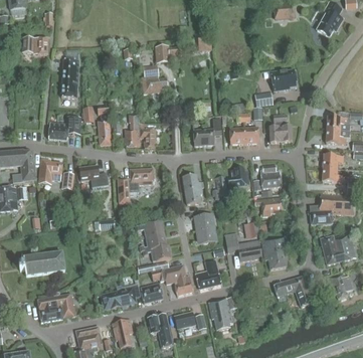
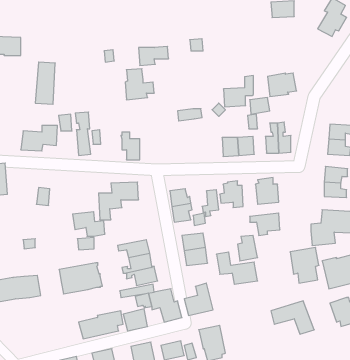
building: [125,115,139,147] -> none
building: [193,118,220,146] -> [223,76,253,107]
building: [38,159,61,184] -> none
building: [78,165,108,187] -> [73,212,105,236]
building: [261,236,288,268] -> [290,247,319,283]
building: [37,294,76,322] -> [59,263,102,294]

